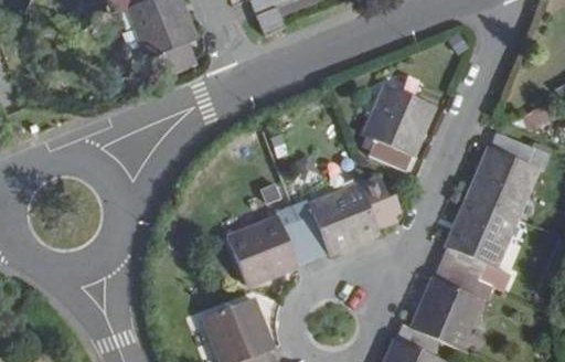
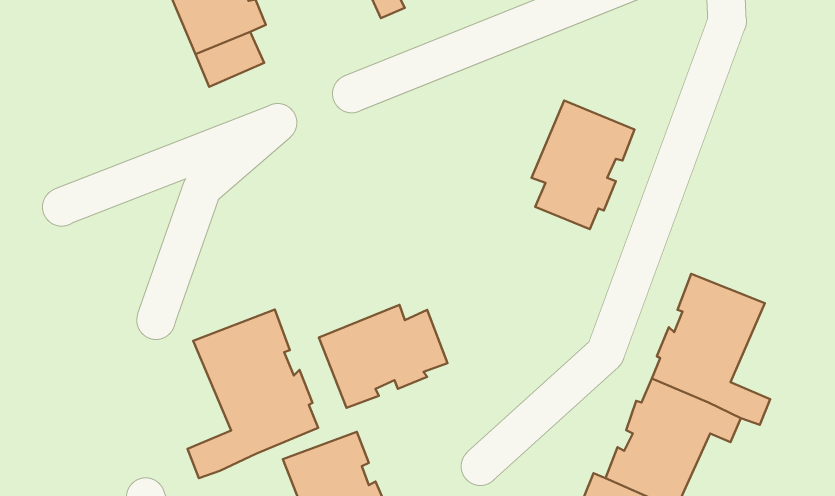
building: [467,134,533,214] -> none
building: [297,183,394,253] -> none
building: none -> [188,310,318,478]

